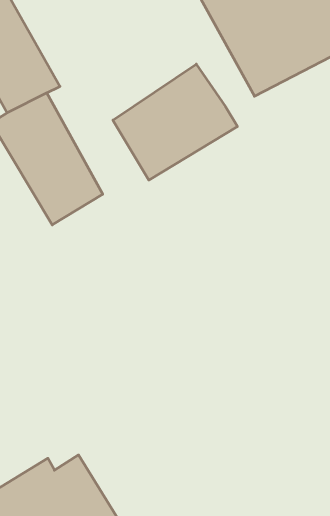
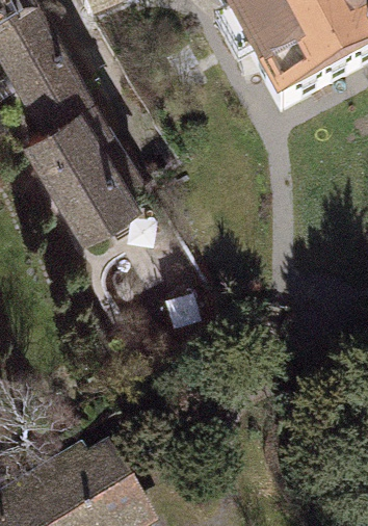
building: [113,64,237,180] -> none

